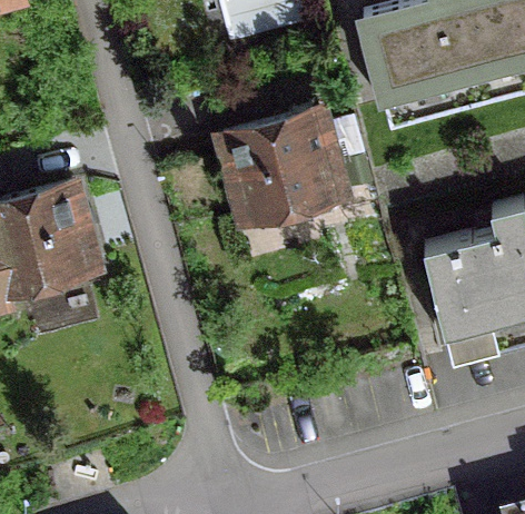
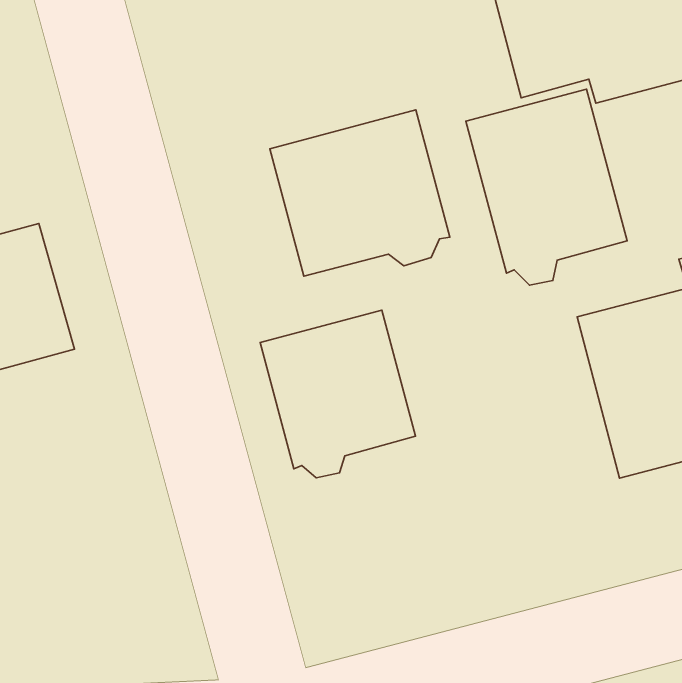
building: none -> [466,89,627,285]
building: none -> [260,310,415,478]

